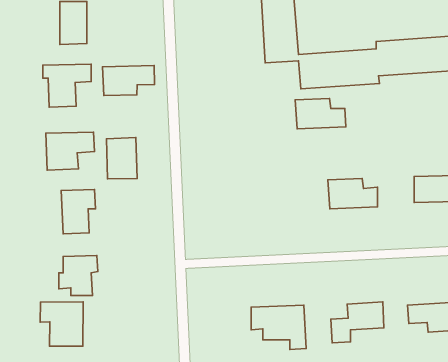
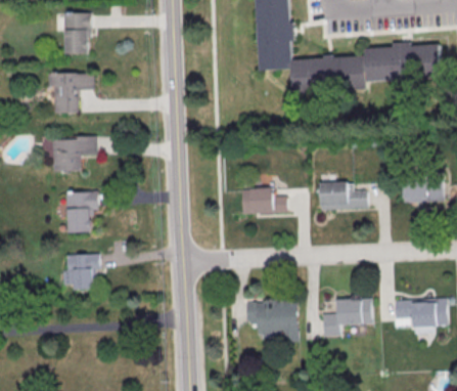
building: [103,66,155,95] -> none
building: [295,99,346,129] -> [240,185,288,214]
building: [106,137,137,179] -> none
building: [40,302,83,346] -> none

